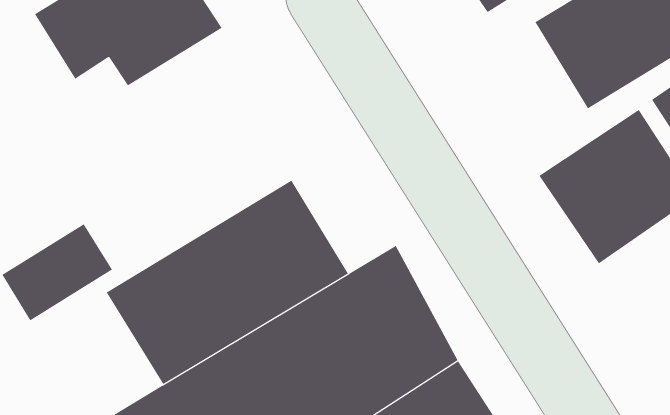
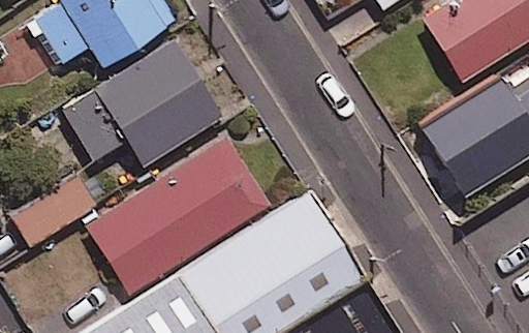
building: none -> [66,40,225,166]

